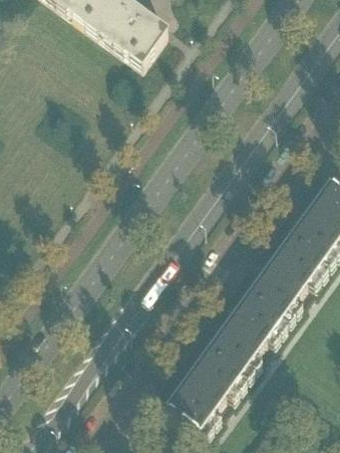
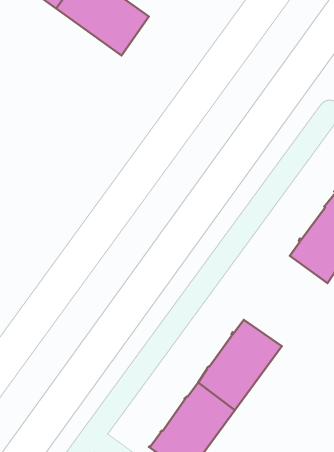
building: [249,237,322,316] -> none

